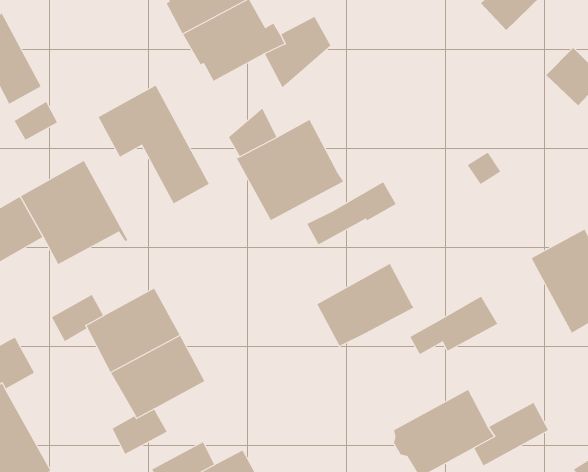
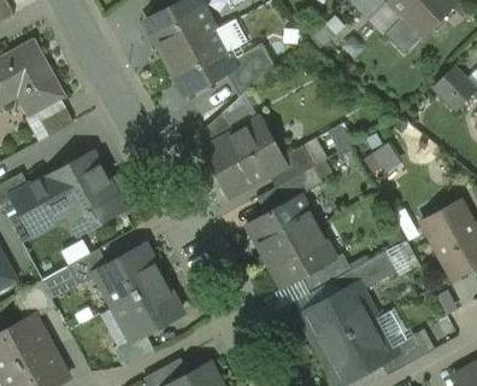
building: [98,85,210,204] -> none
building: none -> [269,145,313,187]
building: none -> [246,193,318,256]
building: none -> [300,252,352,293]
building: none -> [300,283,376,349]

